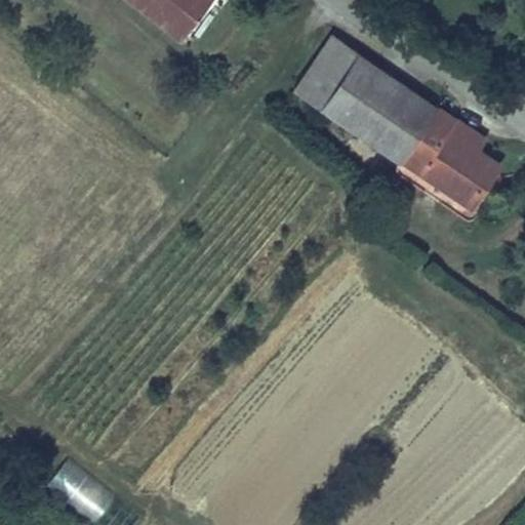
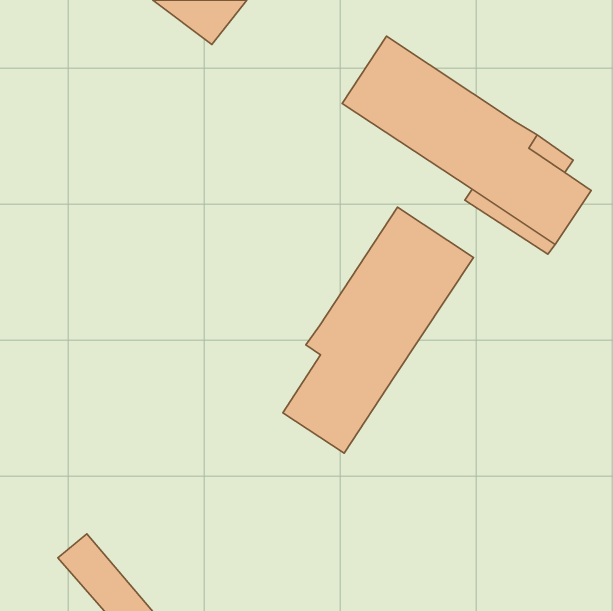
building: none -> [283,207,474,453]

